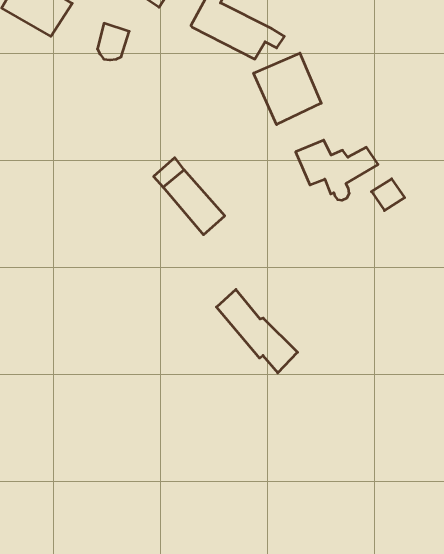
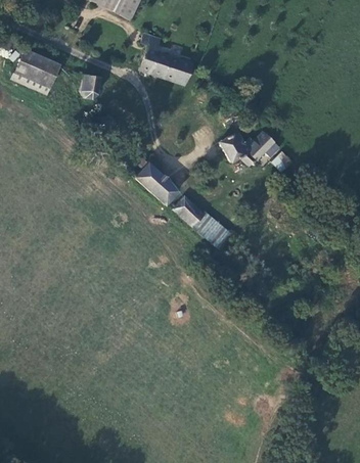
building: [254,53,321,125] -> none
building: [216,289,298,373] -> [174,194,231,245]

